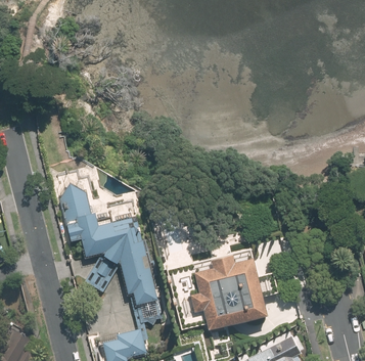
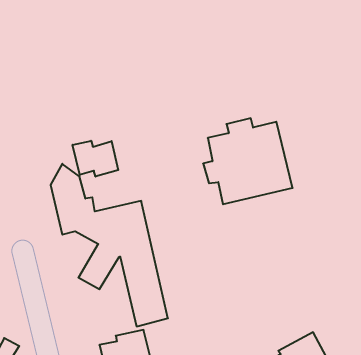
building: none -> [73,141,118,177]
building: [191,251,270,326] -> [203,118,293,204]

